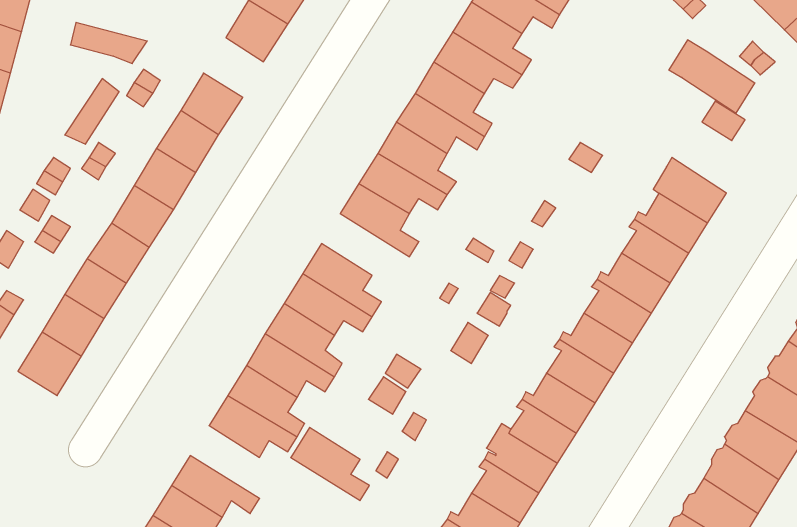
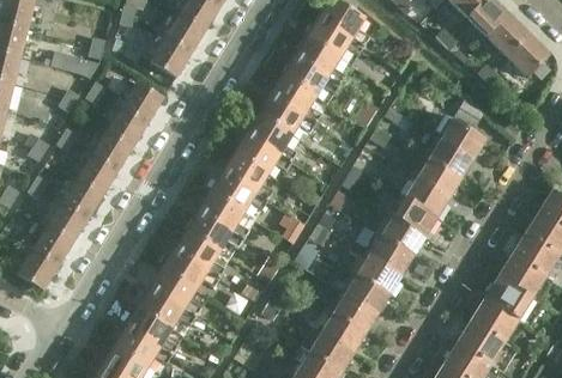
building: [669,40,755,113] -> [427,114,482,160]
building: none -> [211,173,267,213]
building: [291,427,369,501] -> [127,309,177,355]

